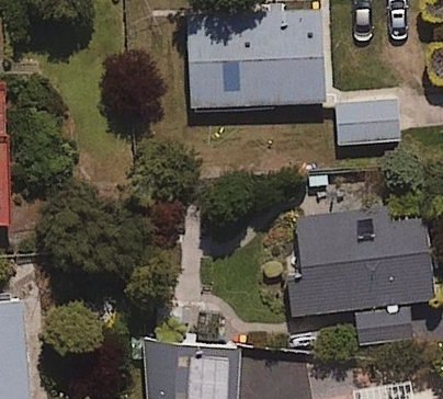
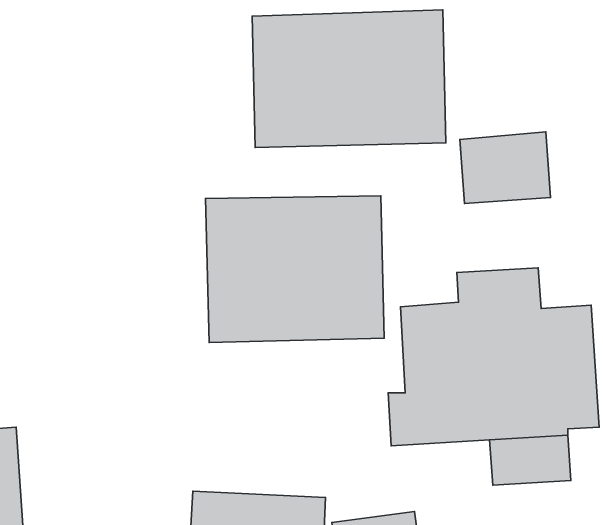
building: none -> [206,196,384,342]

